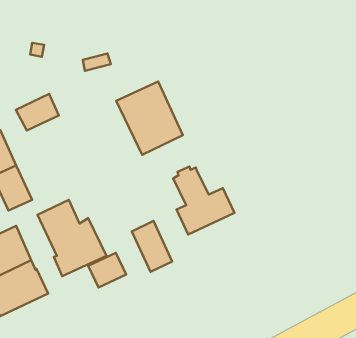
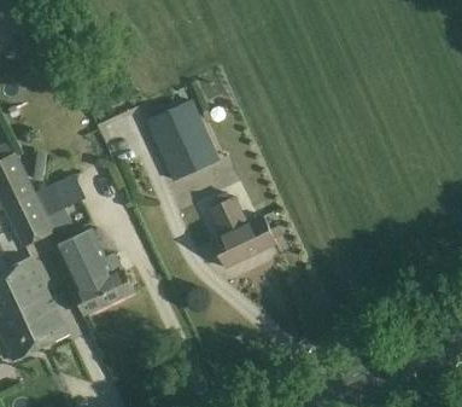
building: [16,94,59,130] -> [37,174,86,215]
building: [132,221,172,272] -> none
building: [88,253,126,287] -> none

